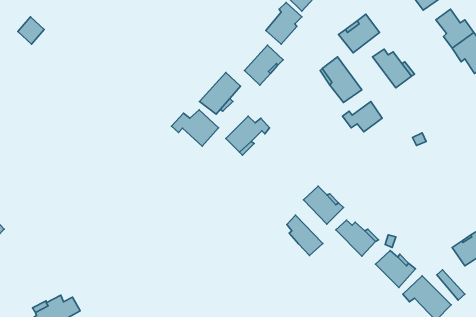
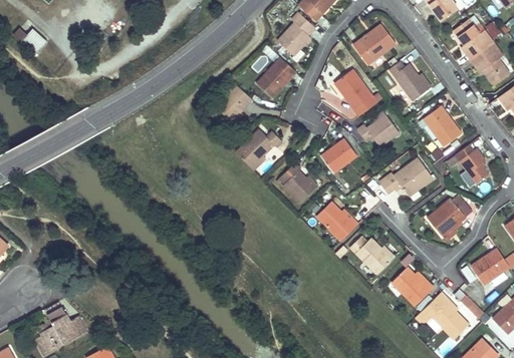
building: none -> [424,105,461,146]
building: [171,110,218,146] -> none
building: none -> [321,138,357,172]
building: none -> [455,144,489,185]
building: none -> [379,157,433,196]
building: none -> [279,162,317,203]
building: none -> [427,199,465,235]
building: [287,215,323,255] -> none

